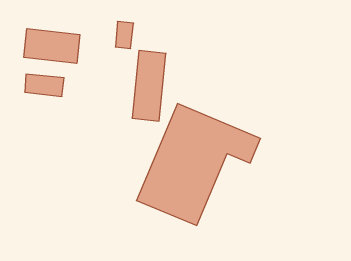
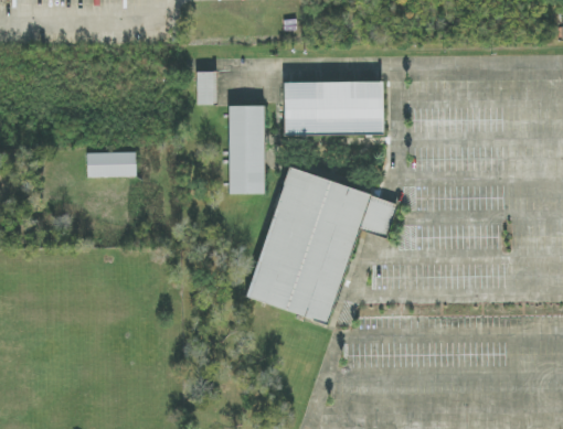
building: [24,29,80,63] -> none
building: none -> [284,81,383,135]

